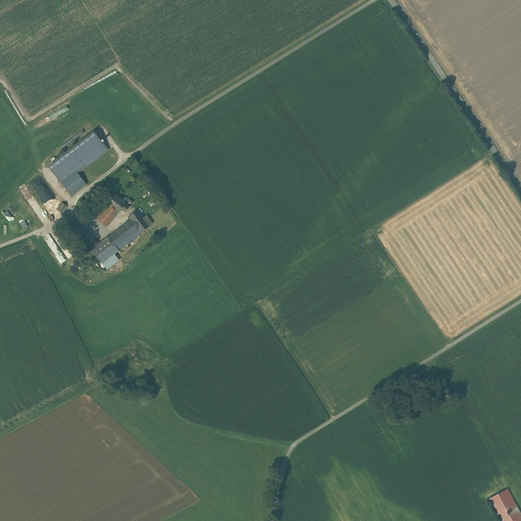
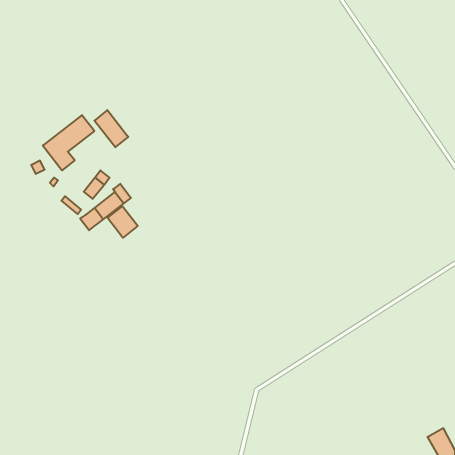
building: none -> [94,110,128,147]
building: none -> [108,206,138,238]

